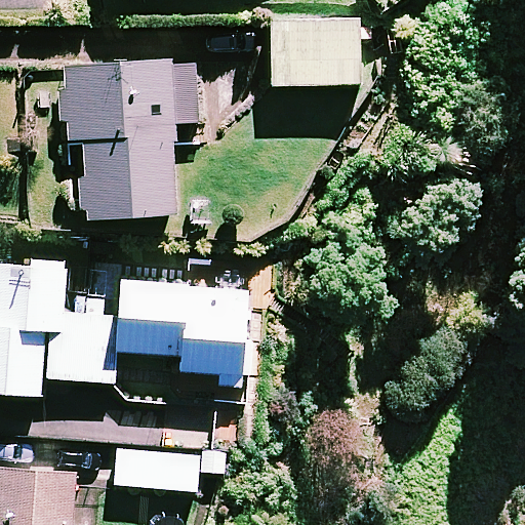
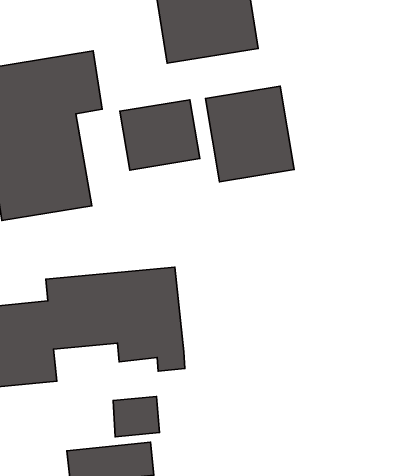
building: none -> [206,86,294,182]
building: none -> [120,100,200,170]

